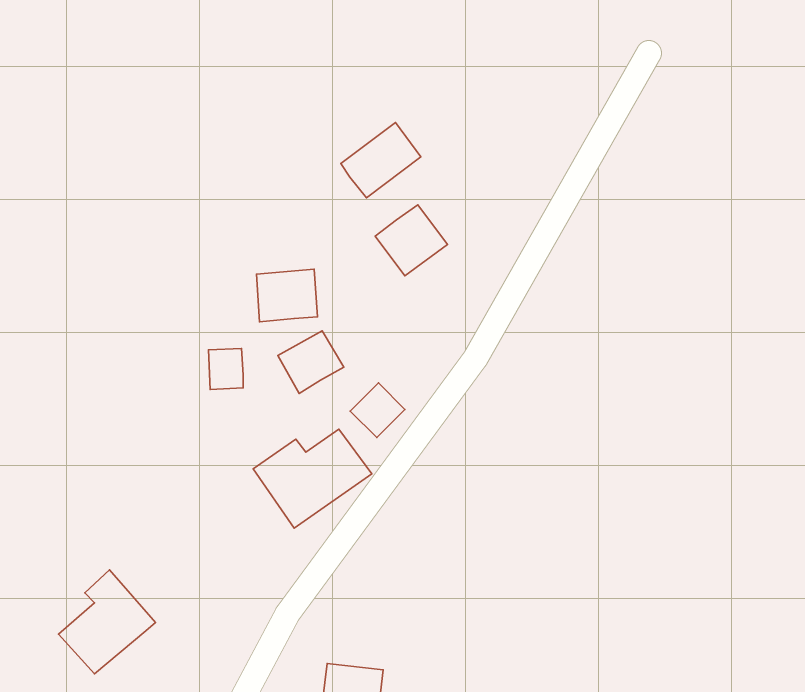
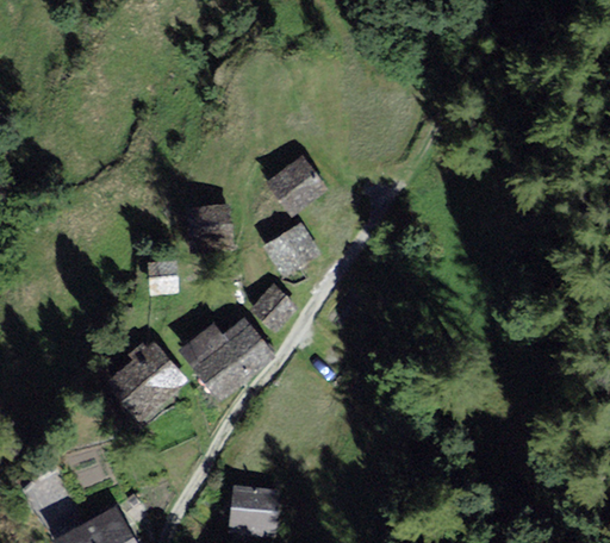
building: [341,123,421,198] -> none
building: [278,331,344,393] -> [269,225,317,270]
building: [58,570,156,674] -> [112,341,182,416]

